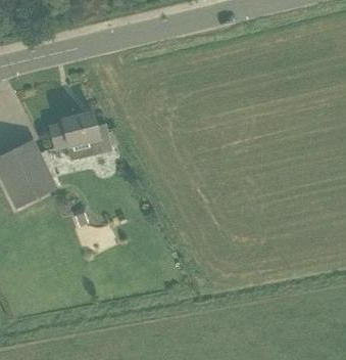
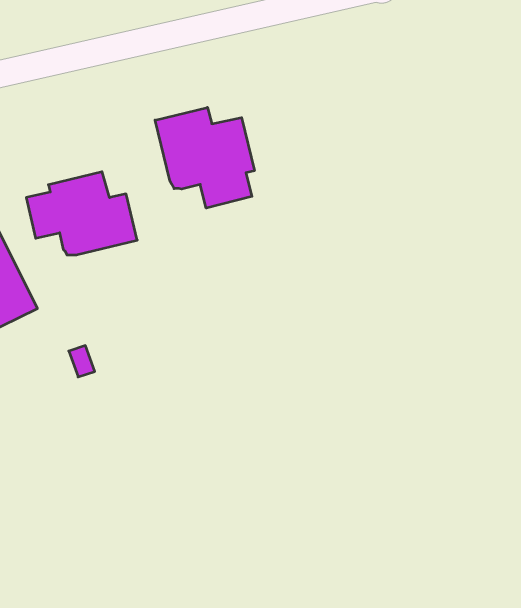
building: none -> [155,107,254,208]

